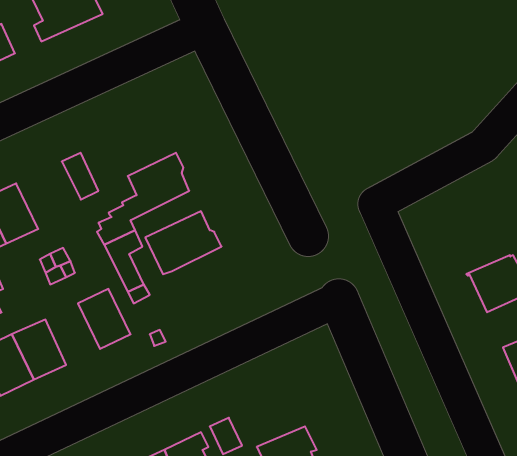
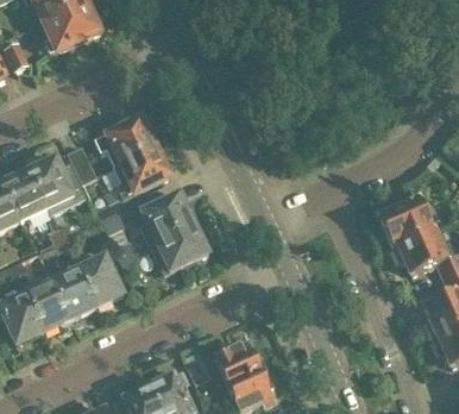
building: none -> [93,117,159,164]
building: none -> [30,158,73,215]
building: none -> [382,194,430,244]
building: none -> [156,221,208,271]
building: none -> [54,268,98,318]
building: none -> [213,340,264,384]

